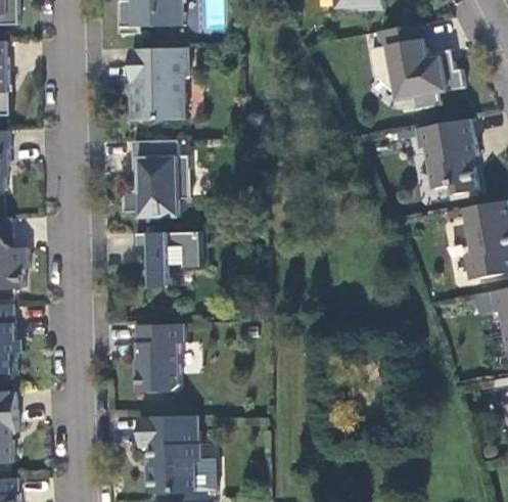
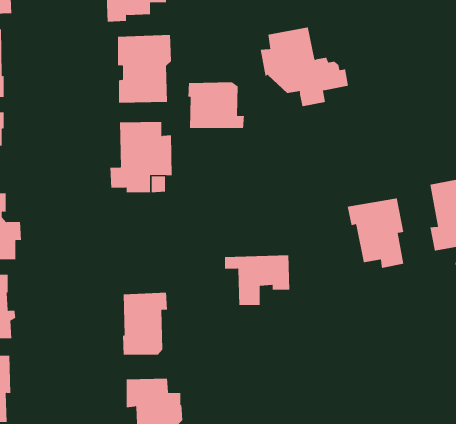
building: [370,24,465,109] -> [260,27,349,107]
building: none -> [188,82,245,129]
building: [417,119,478,194] -> [347,198,404,269]
building: [135,231,205,285] -> [224,255,290,305]

